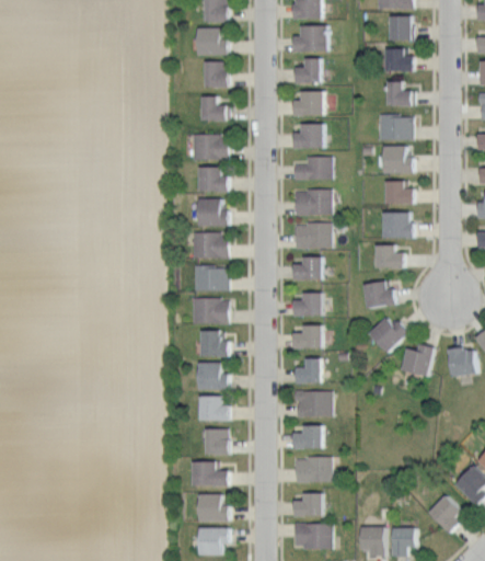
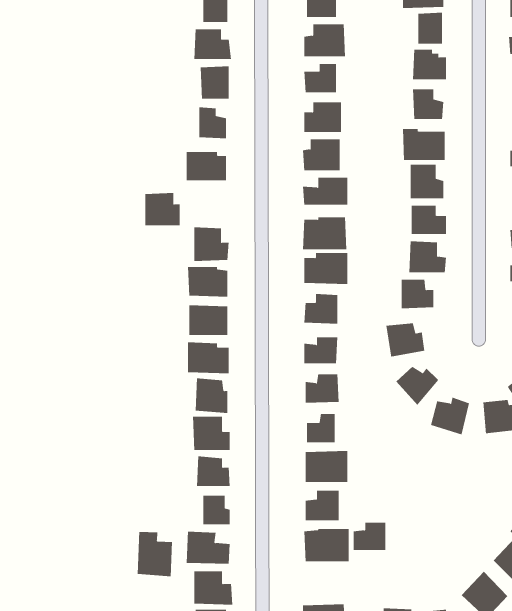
building: [198,164,229,193] -> [145,192,180,226]
building: none -> [137,531,173,577]
building: [293,492,322,516] -> [353,522,386,550]

